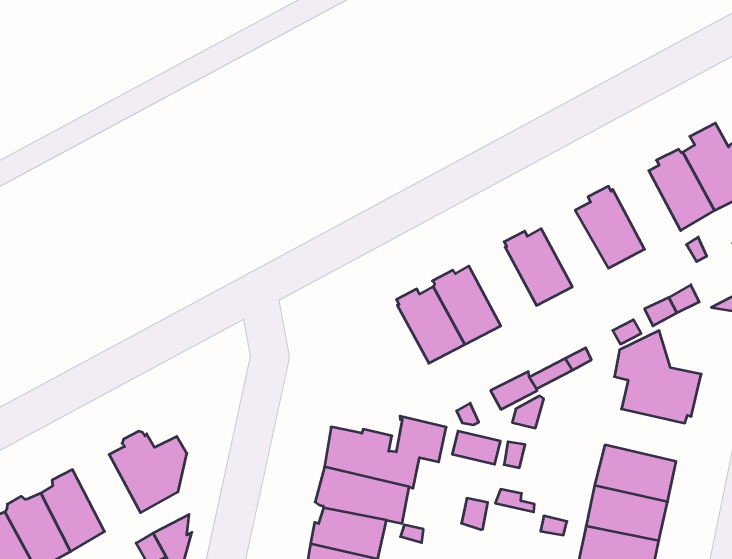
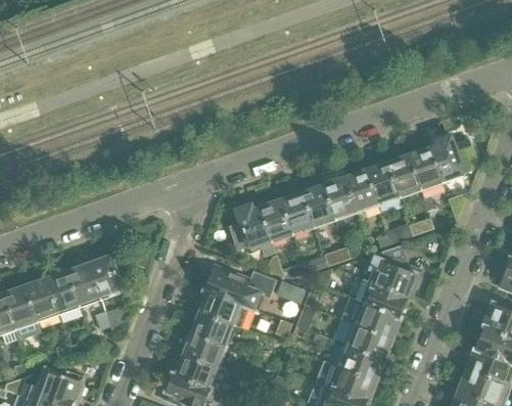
building: none -> [386,153,420,198]
building: none -> [343,169,377,213]
building: none -> [300,185,334,228]
building: none -> [228,205,273,257]
building: none -> [353,280,406,318]
building: none -> [64,265,98,307]

